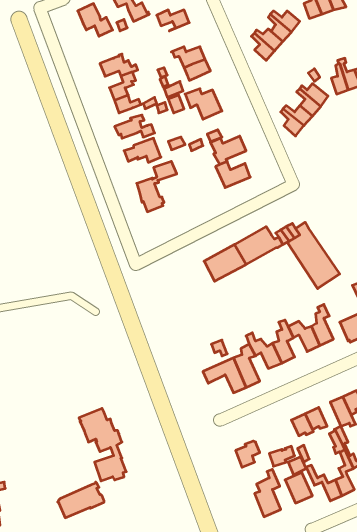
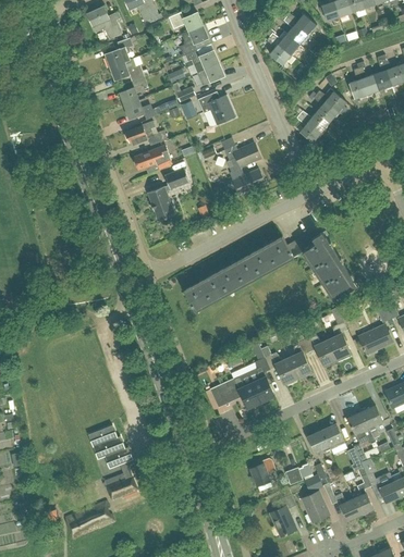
building: none -> [179,25,207,55]
building: none -> [105,38,132,67]
building: none -> [183,272,228,311]

